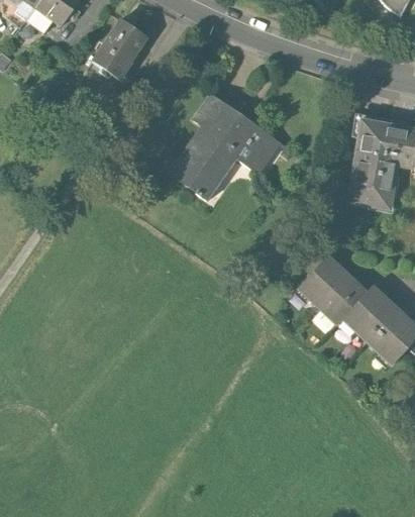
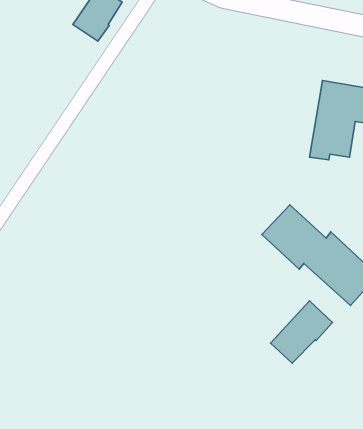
building: [166,94,277,193] -> none
building: none -> [271,301,332,363]

